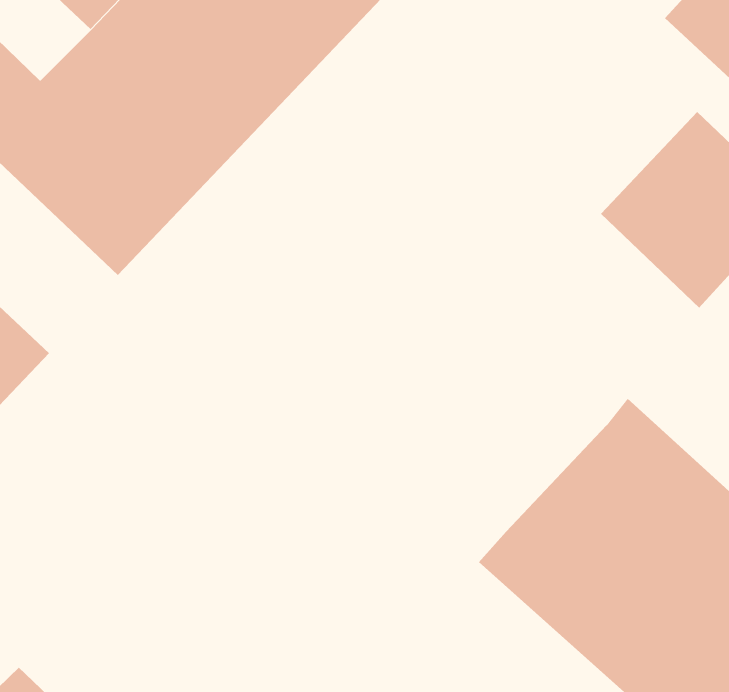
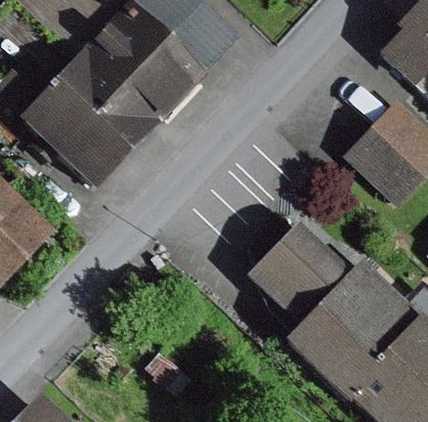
building: none -> [248,218,351,323]

